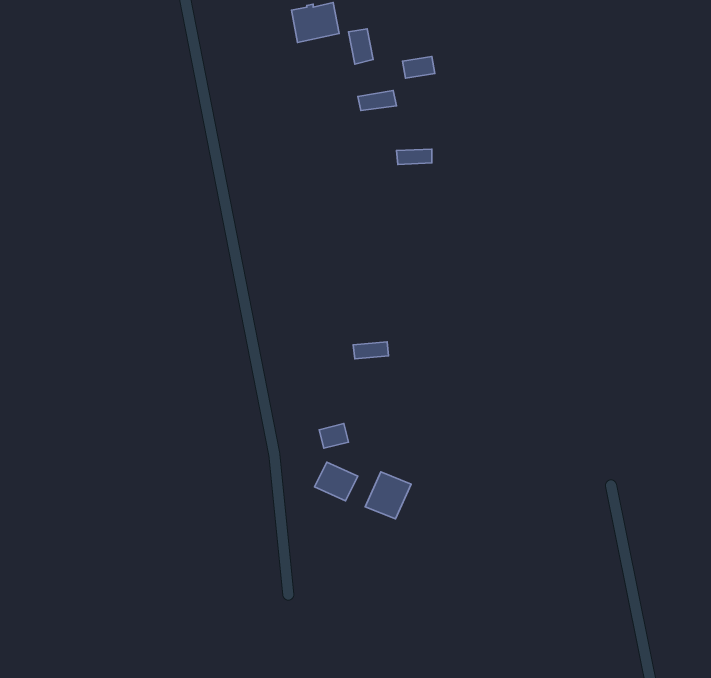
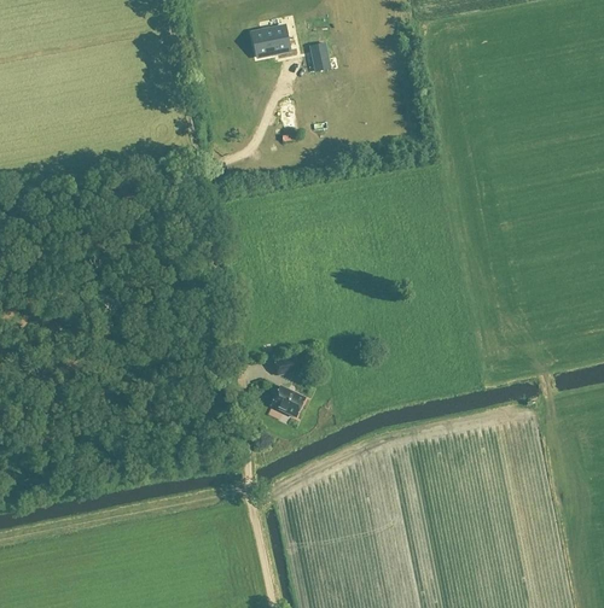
building: [365,472,411,519] -> none

